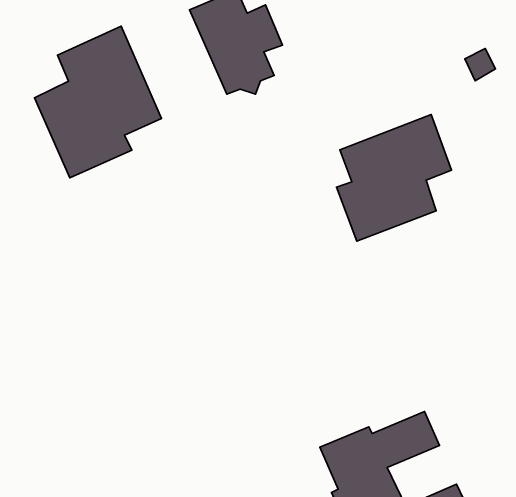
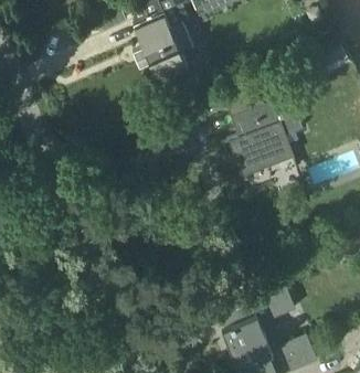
building: [34,26,161,178] -> none

